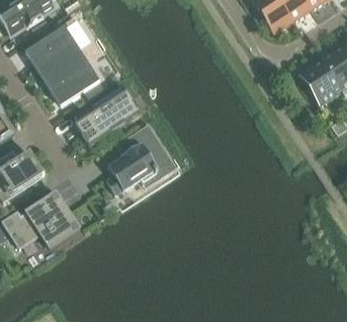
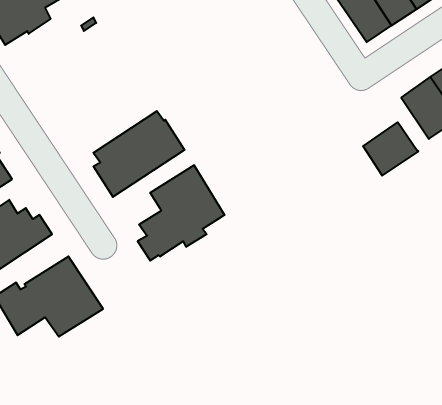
building: [25,24,100,107] -> none
building: none -> [363,122,418,176]

